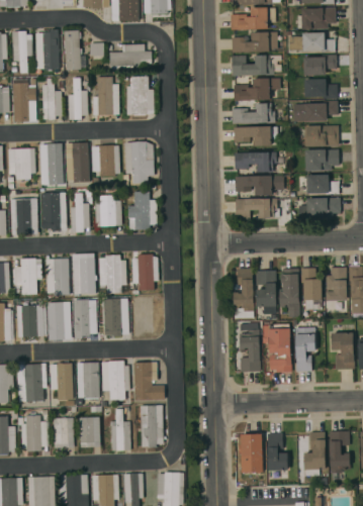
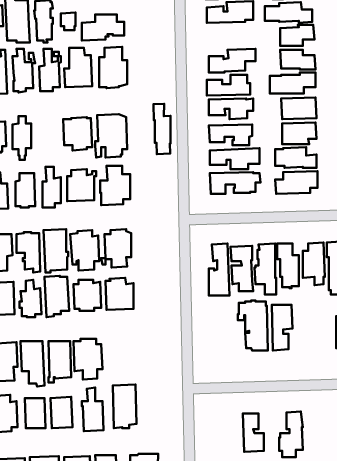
building: [231,55,281,76] -> none
building: none -> [153,104,171,154]
building: [65,142,89,183] -> none
building: [239,322,261,372] -> none
building: [331,325,354,370] -> none
building: [133,362,164,400] -> none
building: [329,430,350,473] -> none
building: [239,433,263,473] -> none

